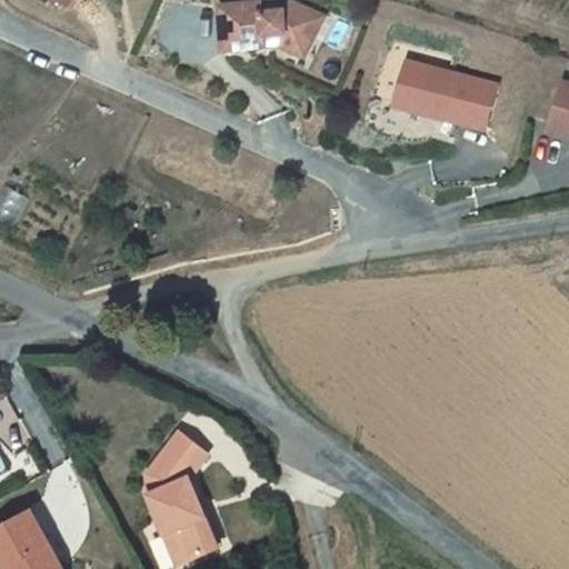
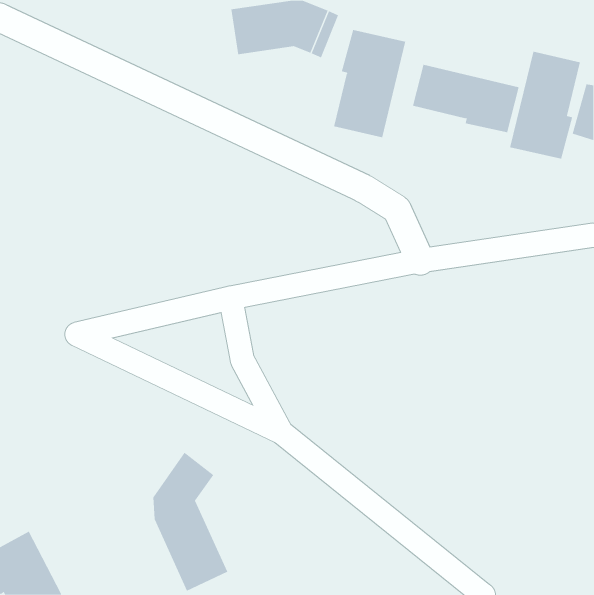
building: none -> [334,29,406,138]
building: none -> [510,51,581,160]

